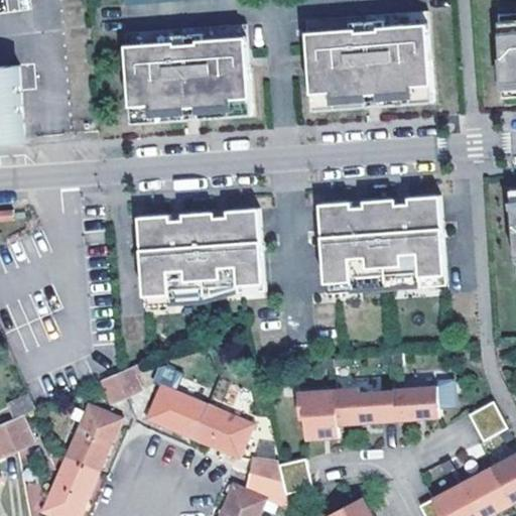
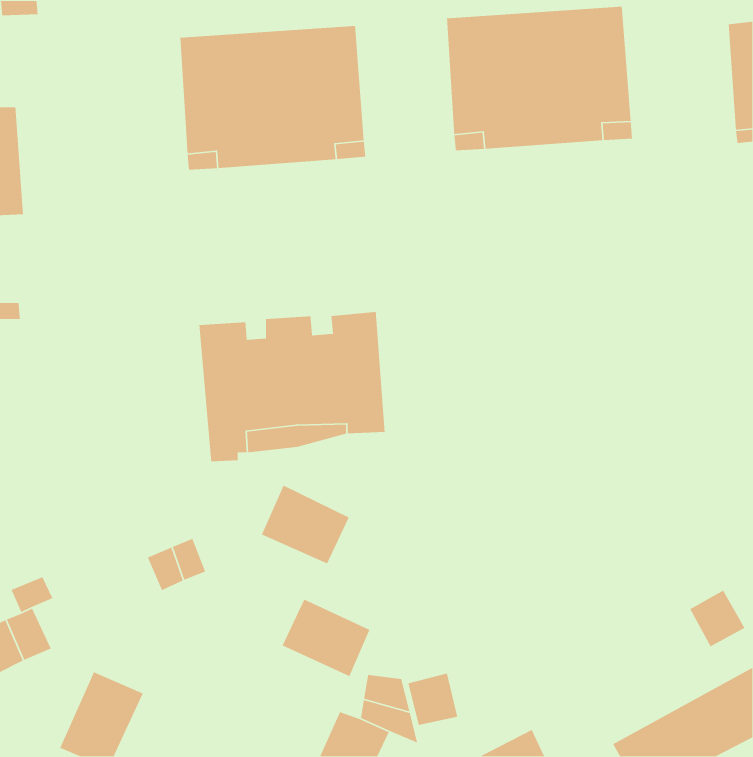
building: [316,199,444,301] -> none
building: [146,385,207,439] -> [261,484,350,564]
building: [296,386,438,439] -> none
building: [63,401,122,472] -> none

